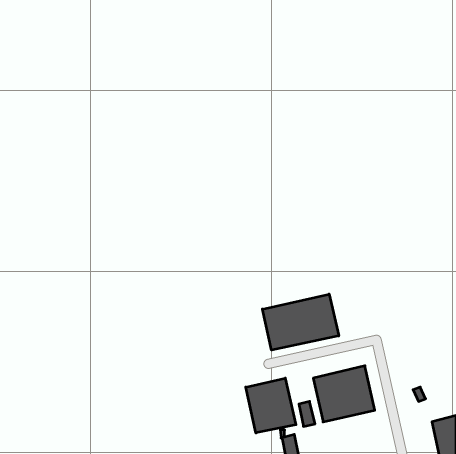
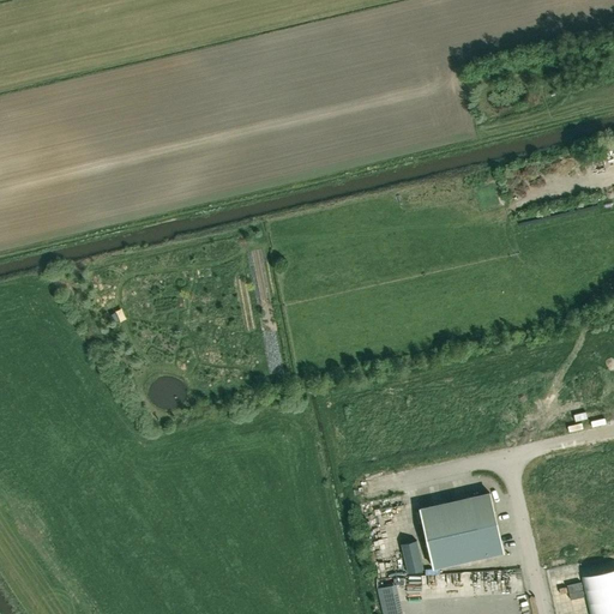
building: [262,294,339,350] -> none
building: [246,378,296,433] -> none

